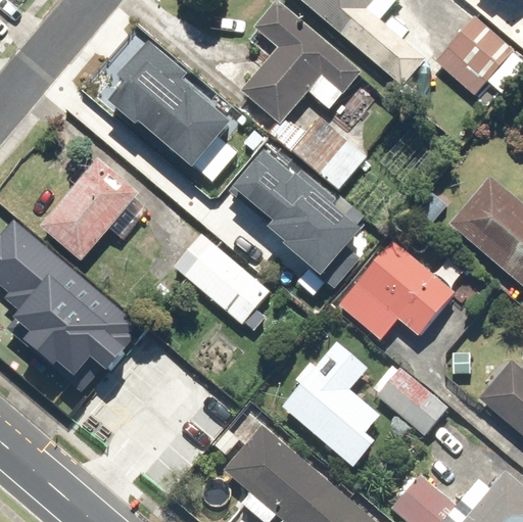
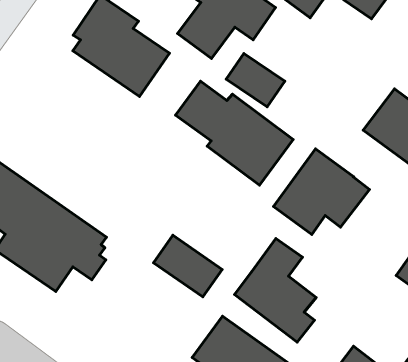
building: [41,158,139,260] -> none
building: [187,248,268,324] -> [153,235,222,297]
building: [375,368,445,434] -> none

